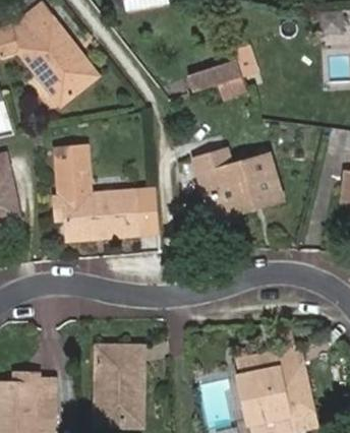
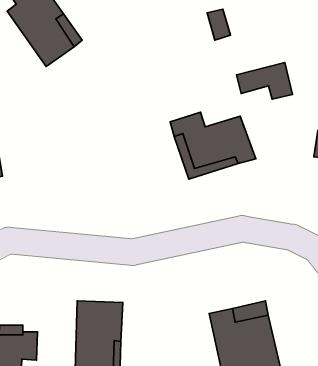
building: [182,60,241,99] -> [236,62,293,99]
building: [50,142,159,240] -> none

